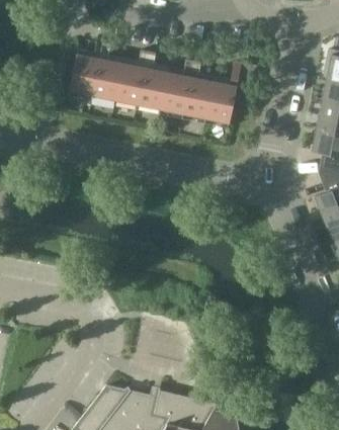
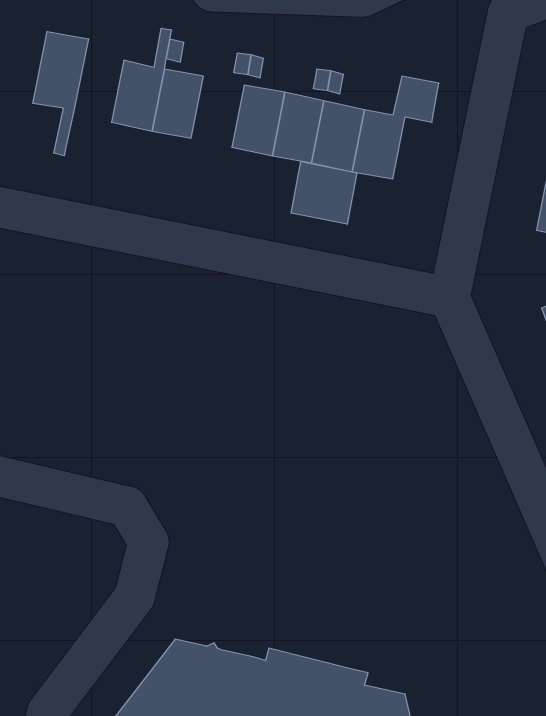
building: none -> [33,31,88,156]
building: [115,64,146,104] -> none
building: none -> [291,161,357,224]

